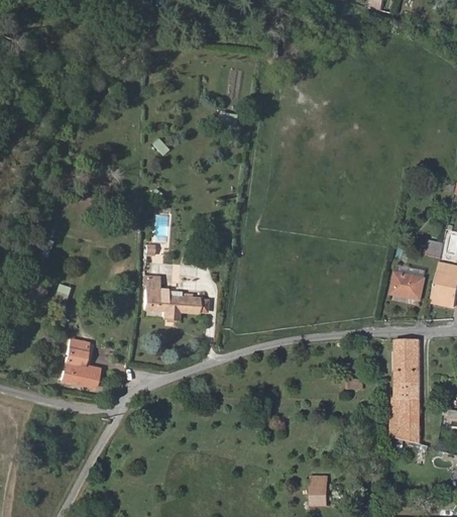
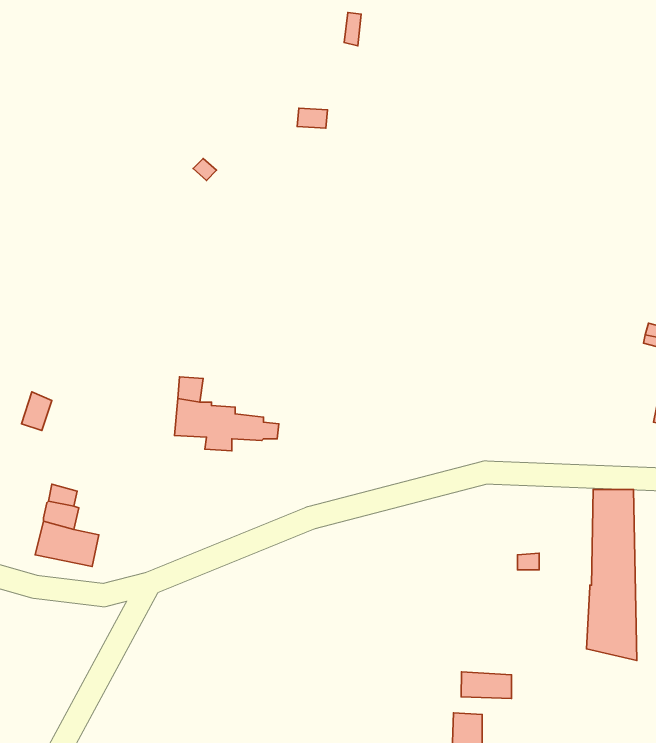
building: [391,266,425,299] -> none
building: none -> [461,672,512,699]

